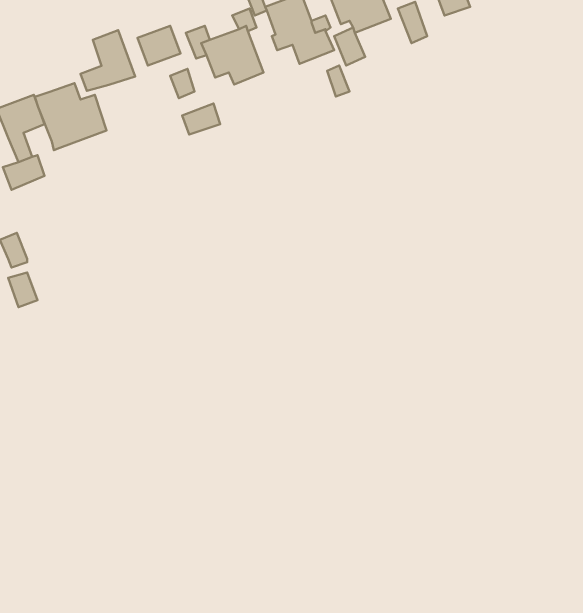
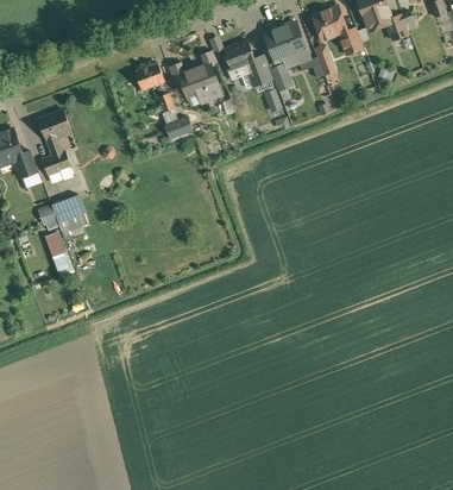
building: [81,30,135,91] -> none
building: [35,83,107,150] -> none
building: none -> [51,194,84,222]

